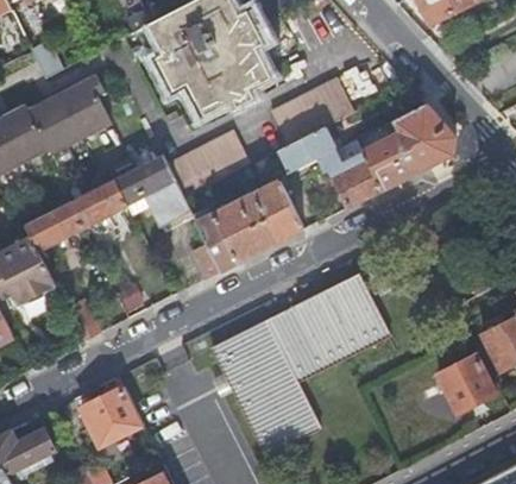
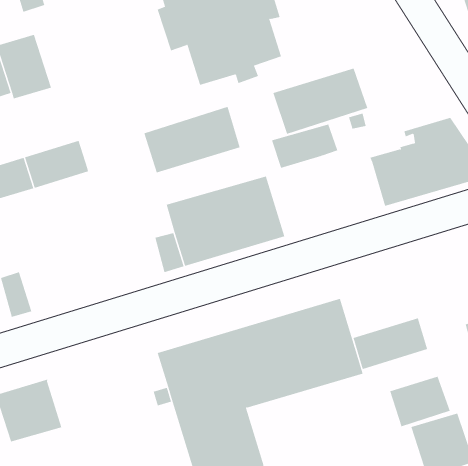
building: [59,75,112,138] -> none
building: [321,146,382,207] -> none
building: [113,153,191,227] -> none
building: none -> [353,318,428,370]
building: none -> [390,376,450,427]

